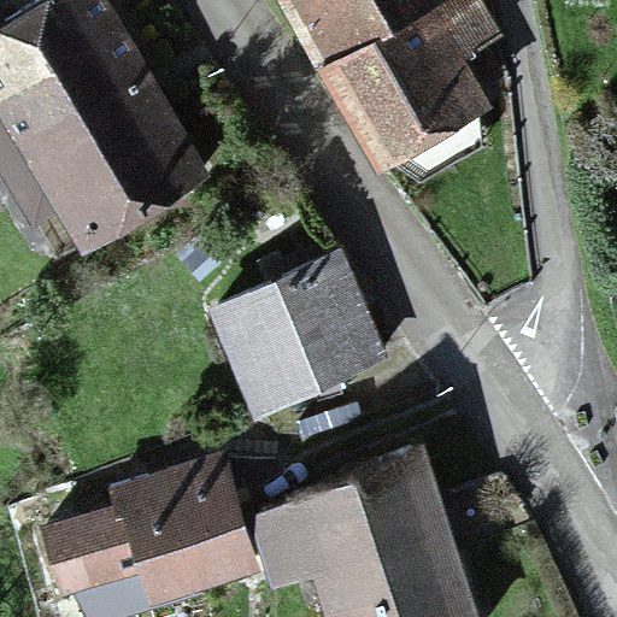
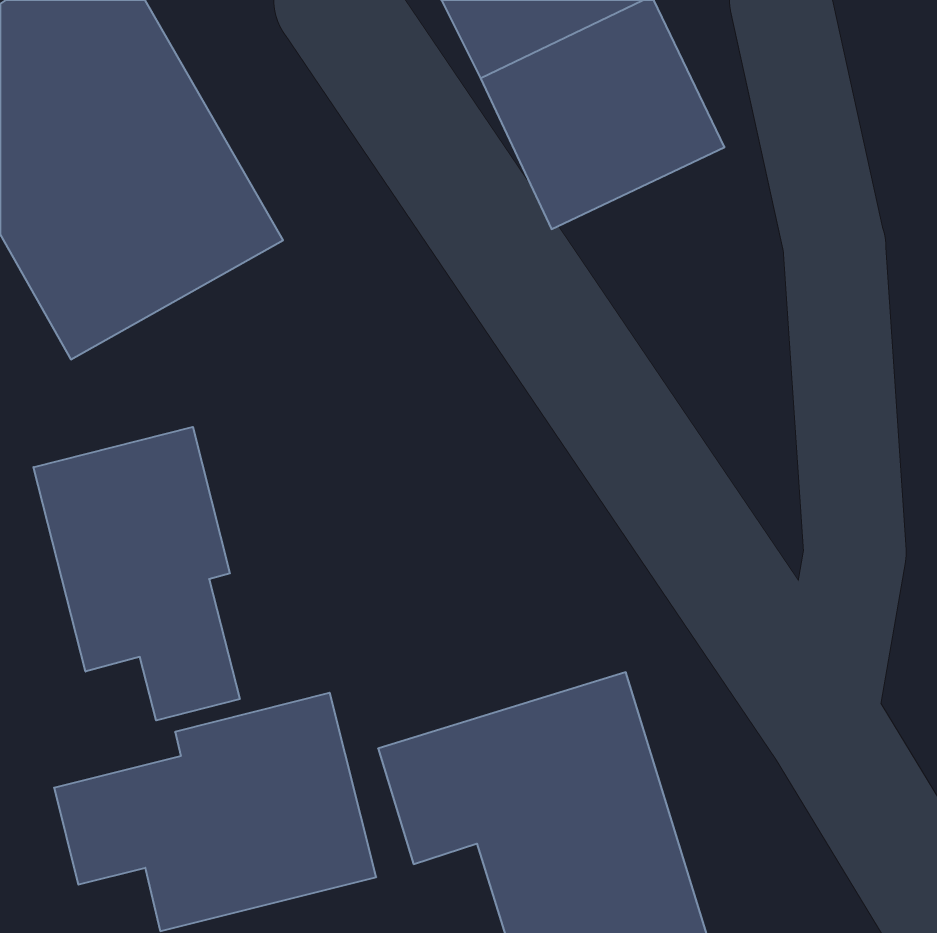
building: [210,255,390,410] -> none
building: none -> [33,427,240,720]

